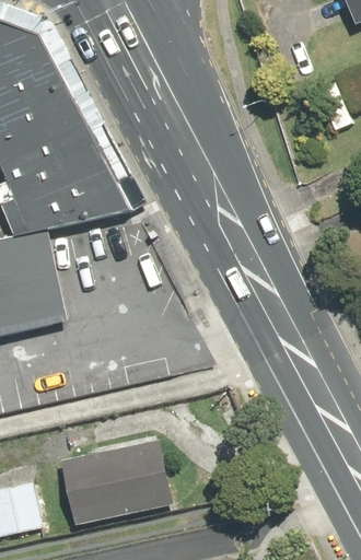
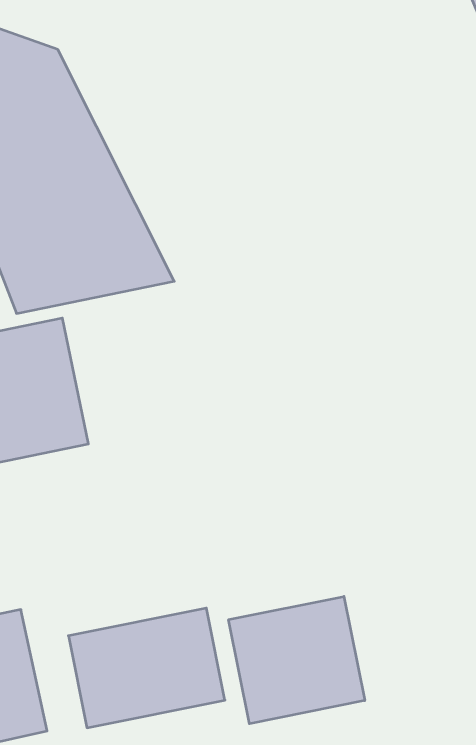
building: none -> [229,596,365,724]

